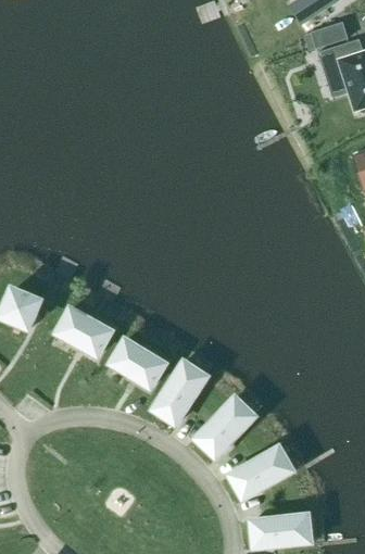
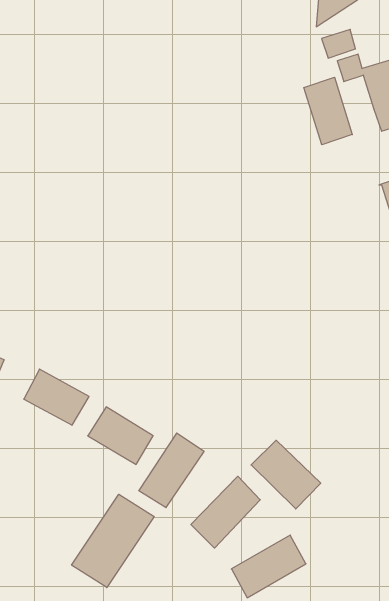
building: none -> [304,77,352,145]
building: none -> [251,440,321,509]
building: none -> [72,494,154,588]

